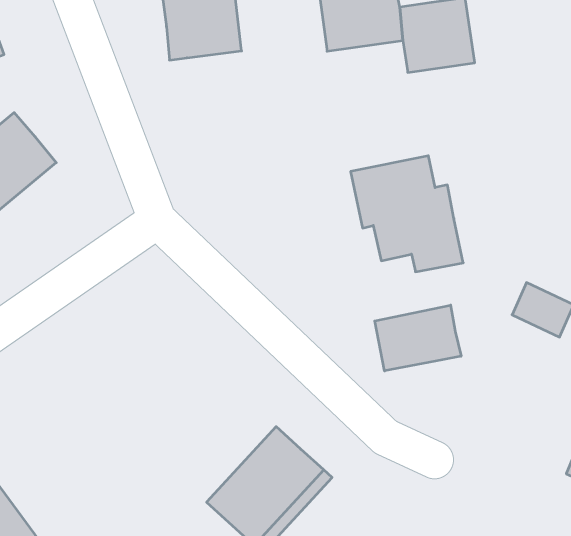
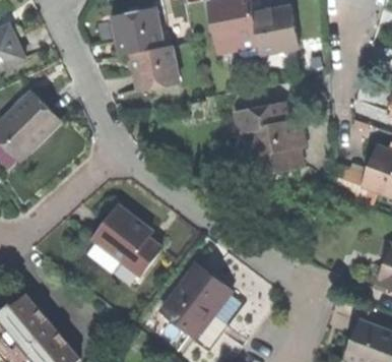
building: none -> [132,46,179,90]
building: [375,305,461,371] -> none
building: none -> [93,206,161,276]

